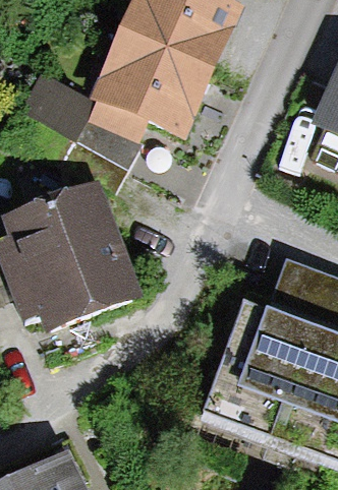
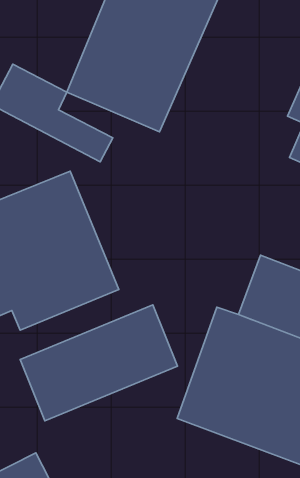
building: none -> [20,305,177,421]

